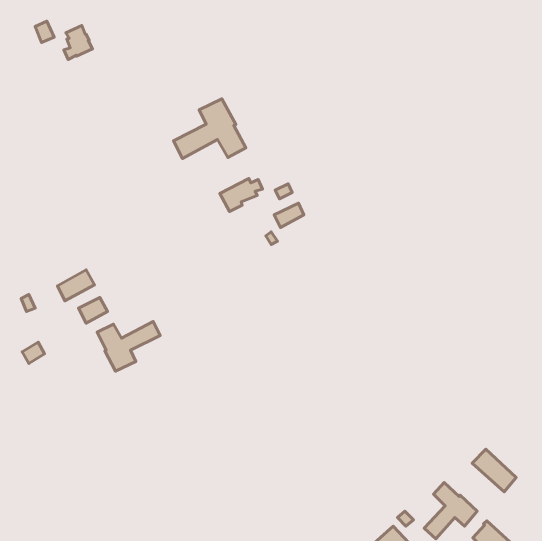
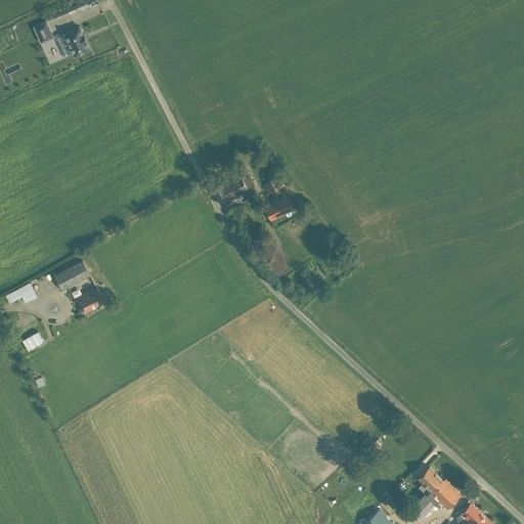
building: [173,99,246,159] -> none
building: [97,322,160,371] -> none
building: [472,449,516,492] -> none

